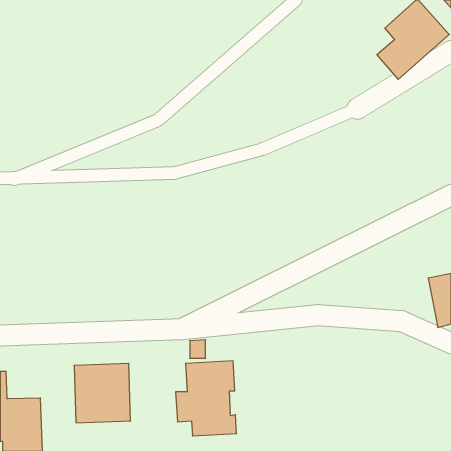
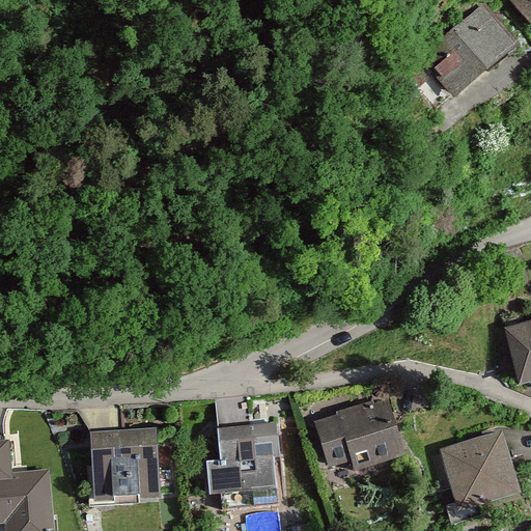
building: none -> [312,397,401,468]
building: none -> [437,427,522,507]

